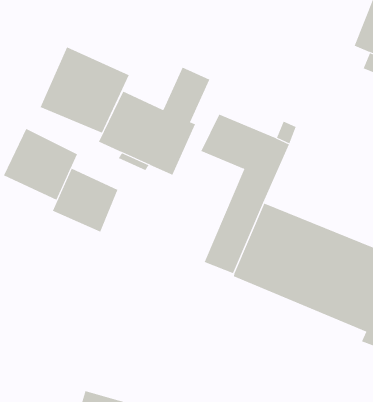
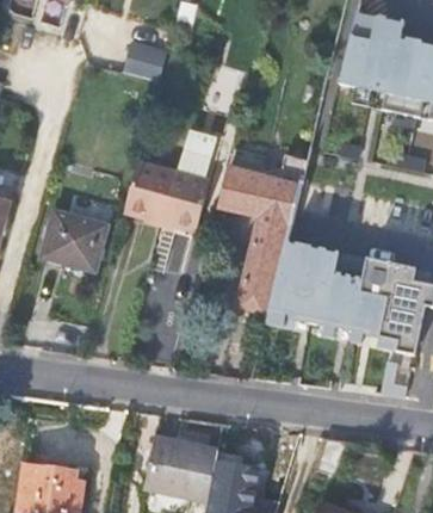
building: [40,47,129,134] -> none
building: [52,168,118,232] -> none

